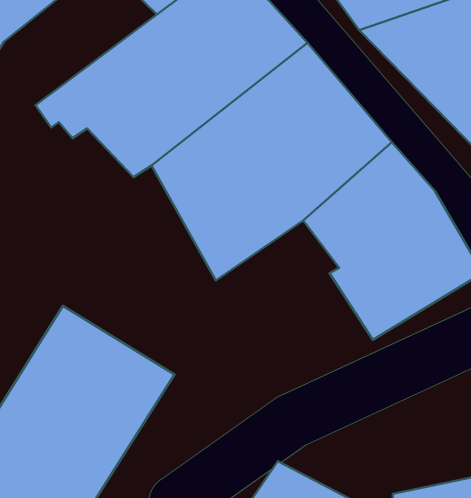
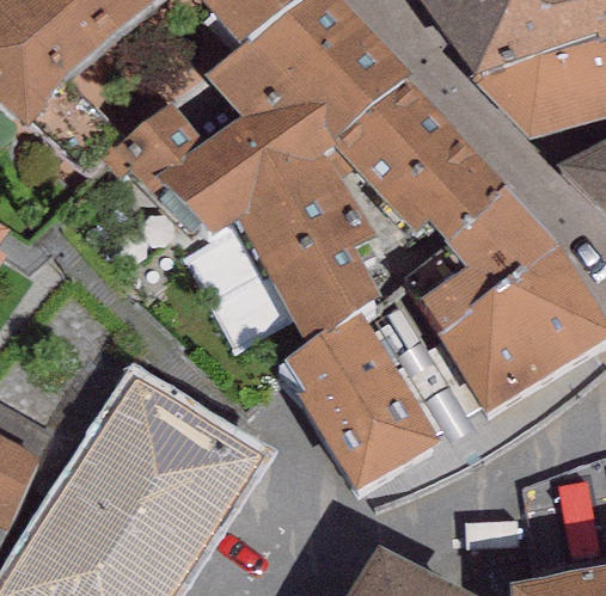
building: none -> [275,279,485,490]

